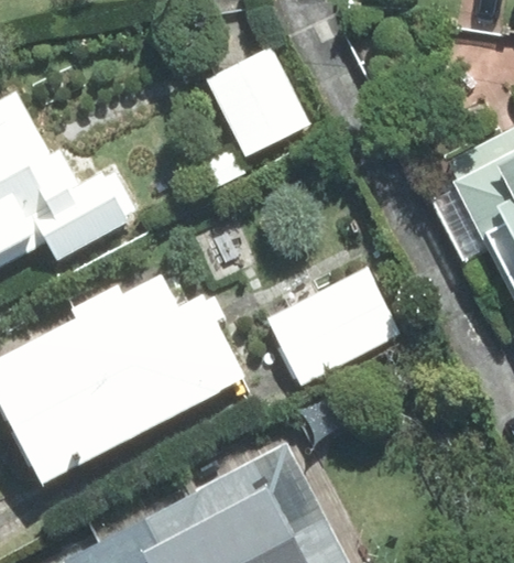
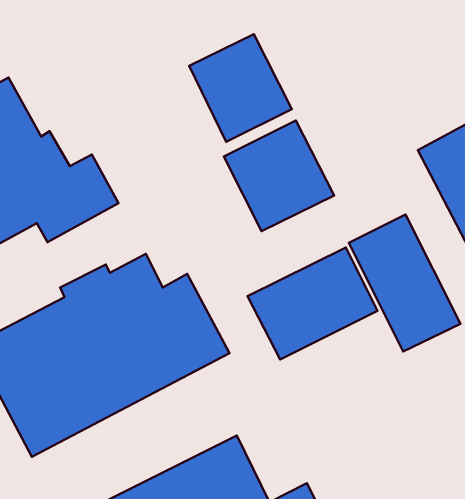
building: none -> [224,120,334,231]
building: none -> [349,215,461,351]

